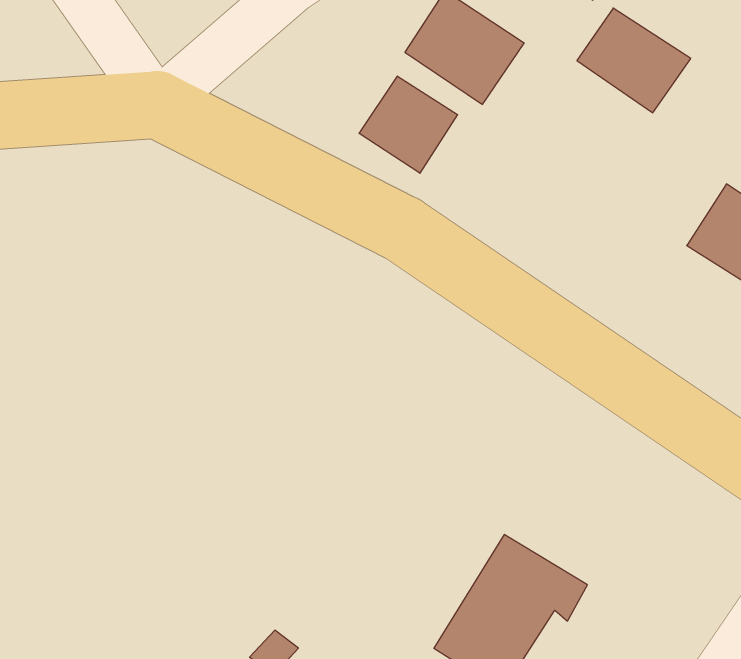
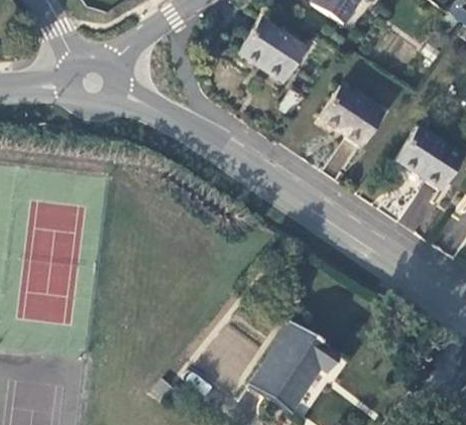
building: [577,8,691,113] -> [320,87,383,145]
building: [359,76,458,173] -> none

